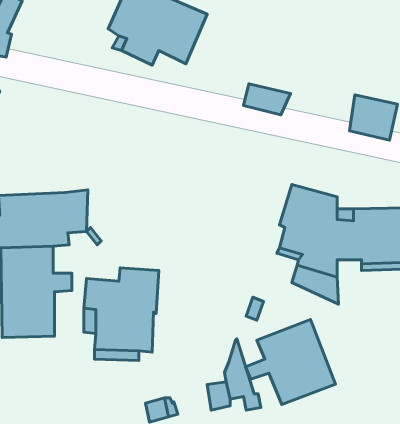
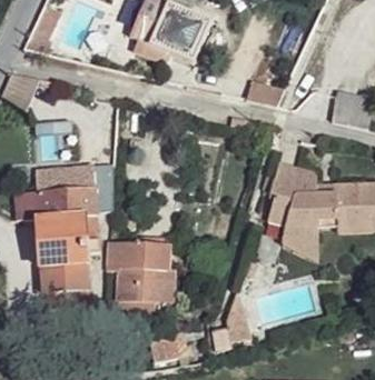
building: [246,320,336,405] -> none

